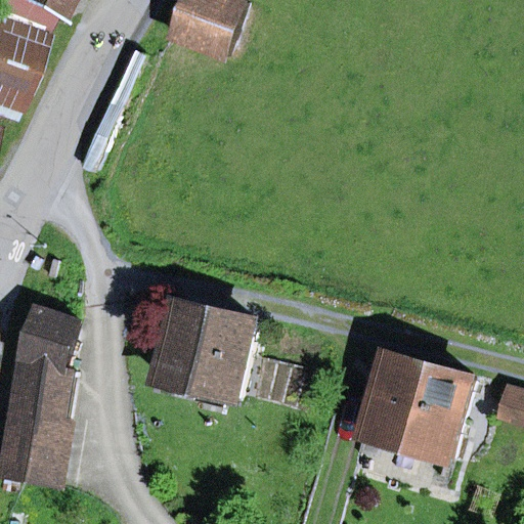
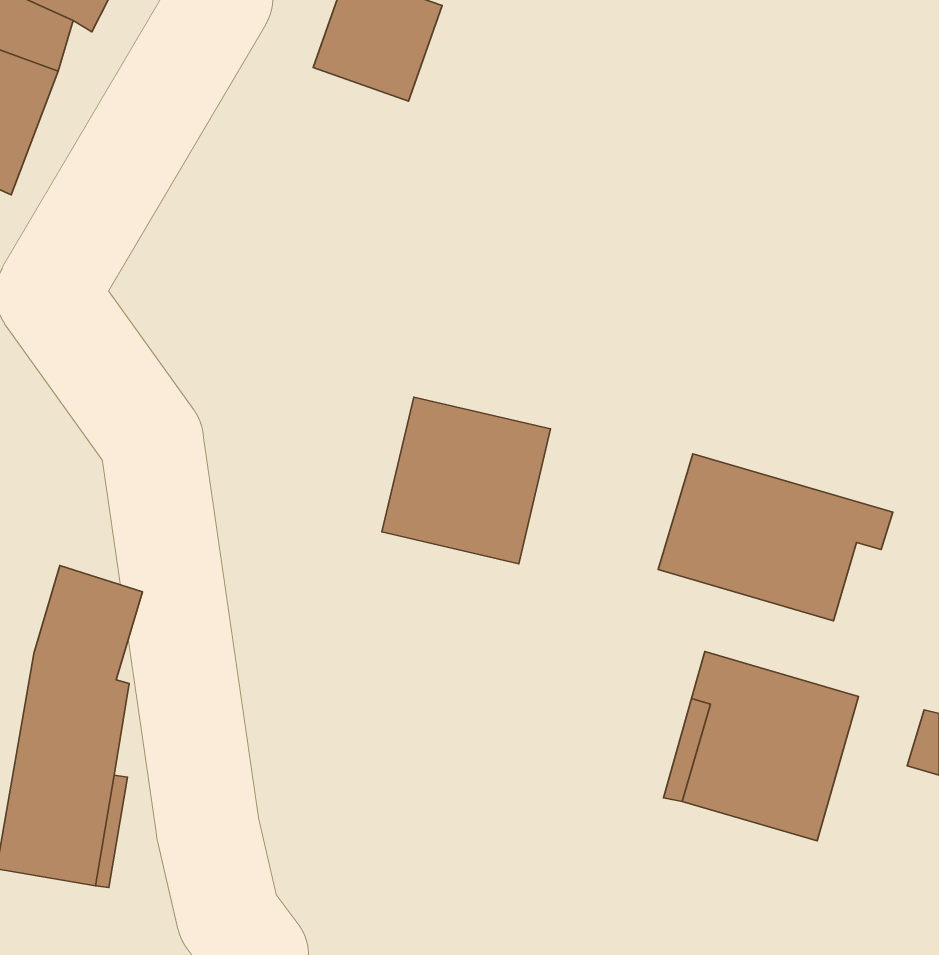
building: none -> [658,454,893,621]
building: [160,306,252,397] -> [382,397,551,564]

